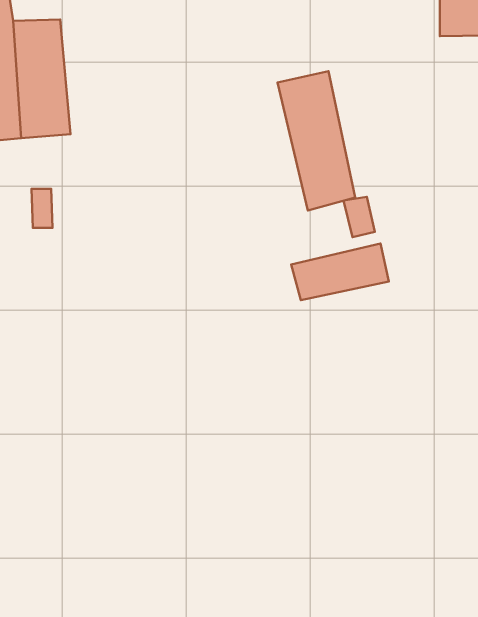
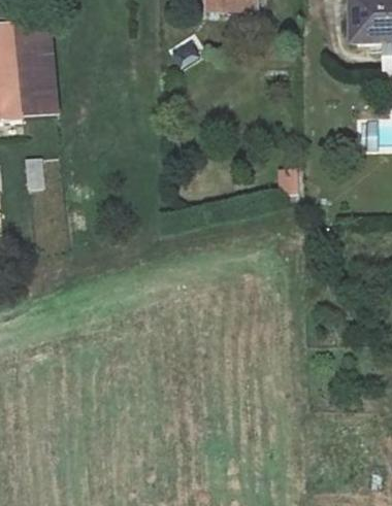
building: [278,71,355,211] -> none
building: [291,244,389,300] -> none

